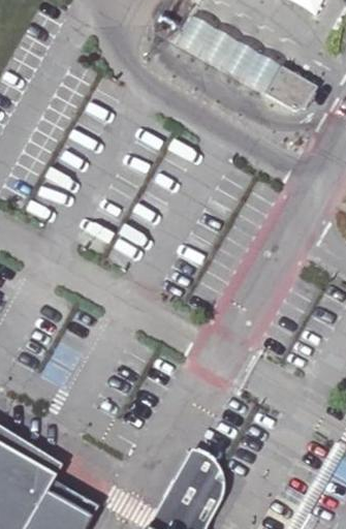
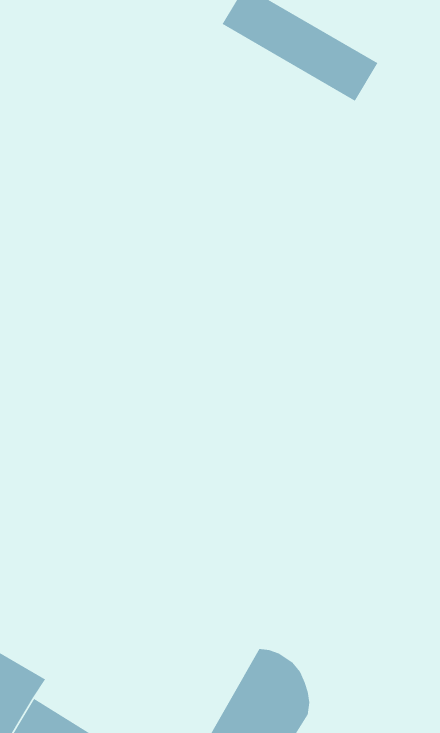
building: [260,64,312,106] -> none

